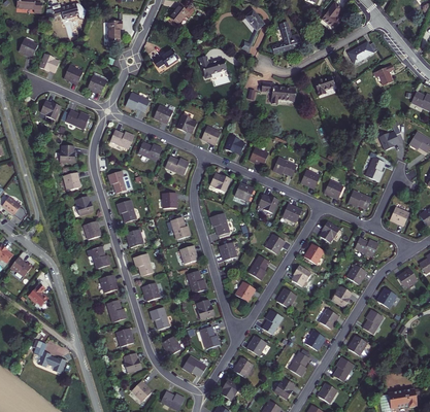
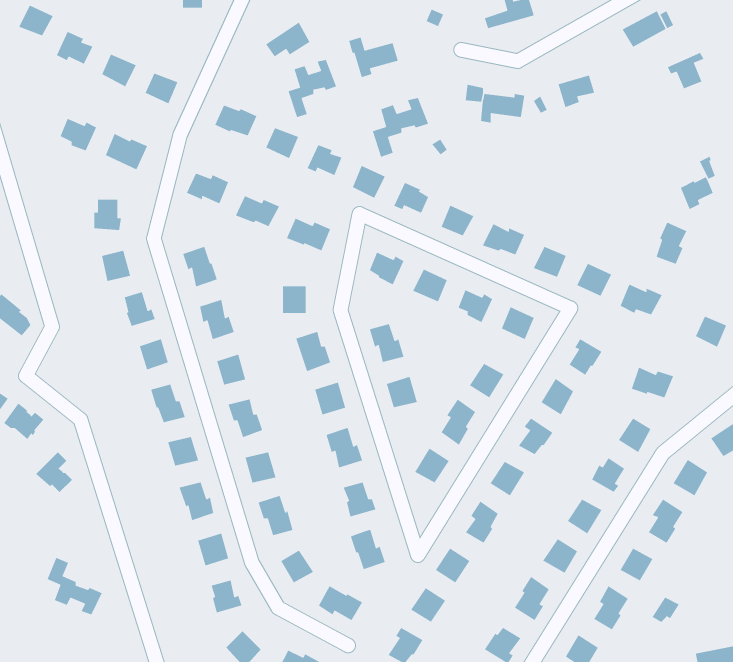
building: none -> [288,59,337,118]
building: none -> [372,97,429,158]

